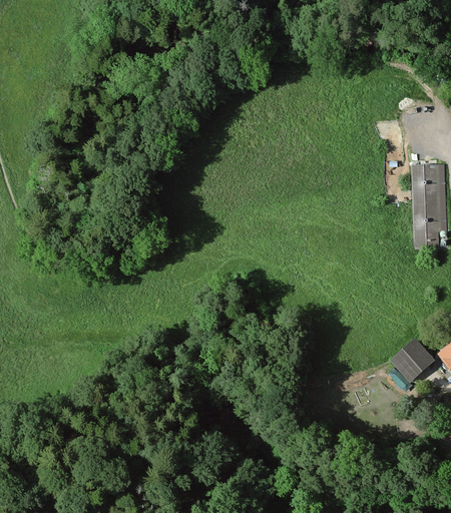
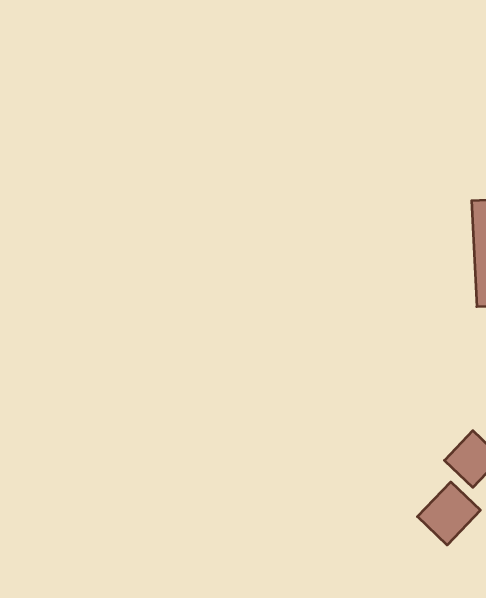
building: none -> [417,482,480,545]

